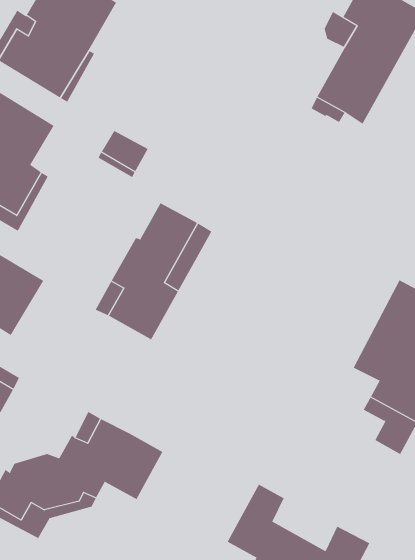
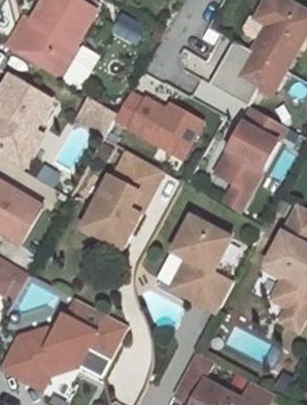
building: none -> [114,83,205,156]
building: none -> [216,103,286,210]
building: none -> [168,214,231,311]

